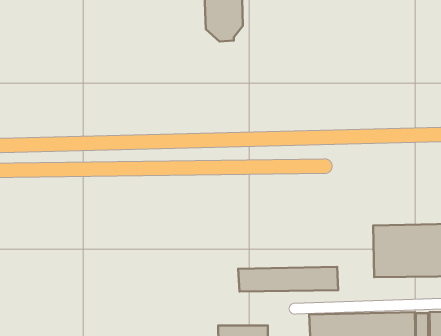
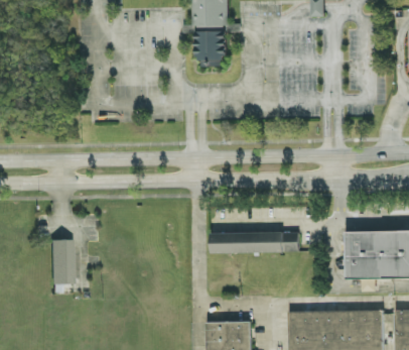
building: none -> [49,239,73,284]
building: [238,267,338,291] -> [210,231,299,253]

